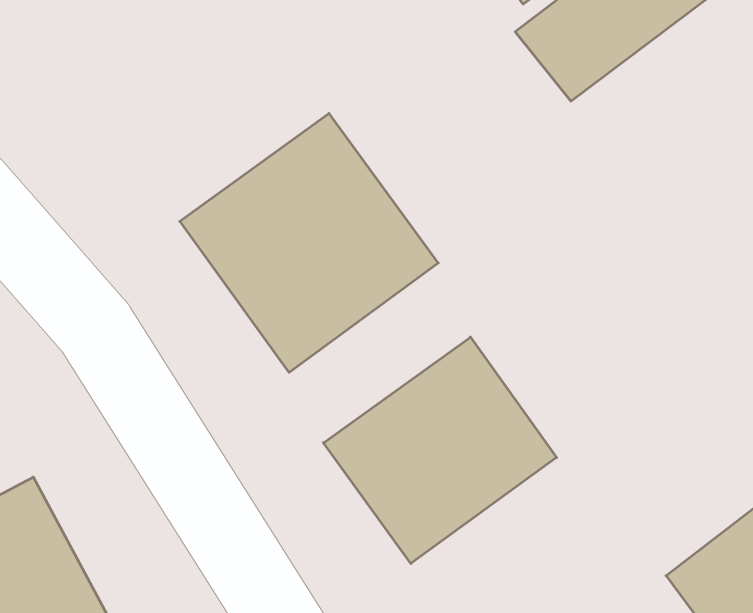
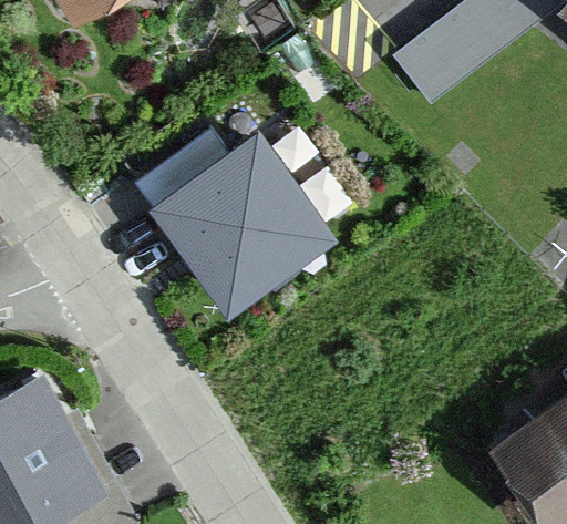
building: [323,337,557,564] -> none

